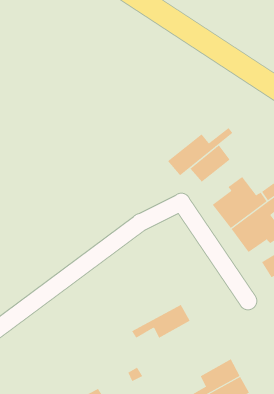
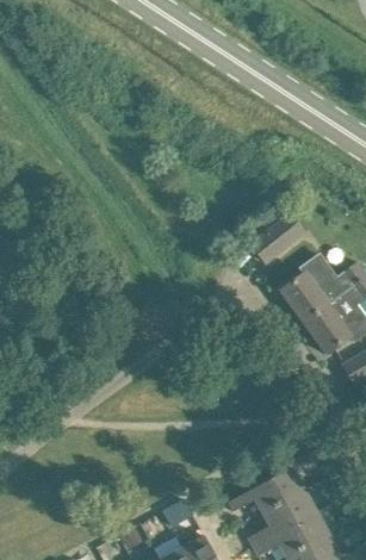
building: [167,127,233,176] -> none
building: [131,304,191,338] -> [228,468,304,512]

